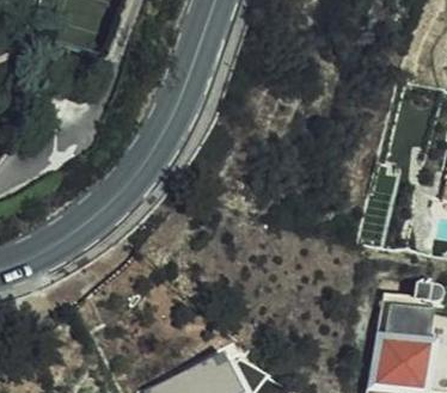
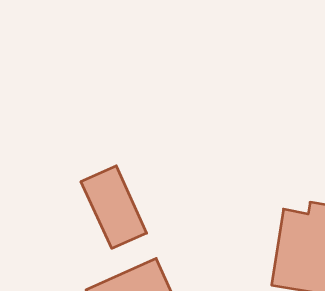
building: none -> [81,166,147,248]

